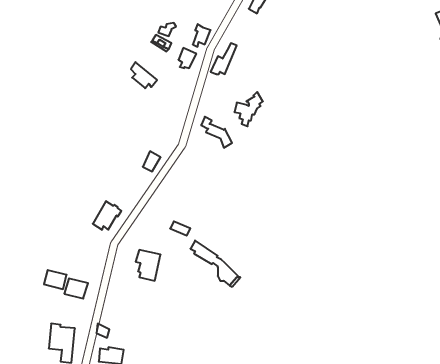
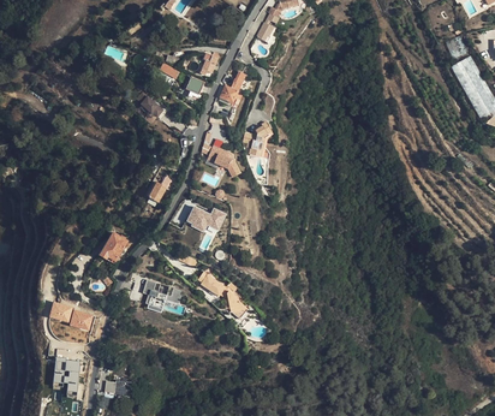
building: none -> [187,204,227,231]

